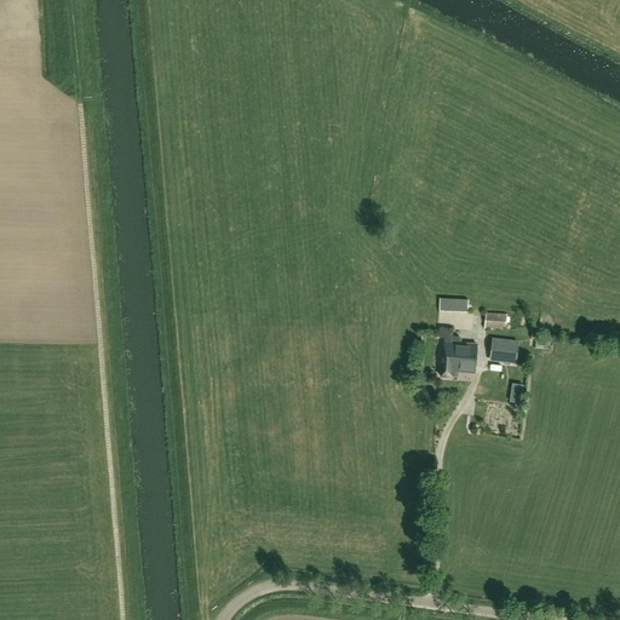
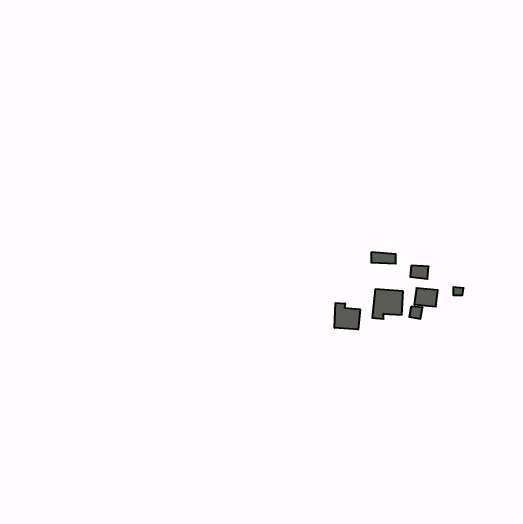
building: none -> [335,303,360,330]

